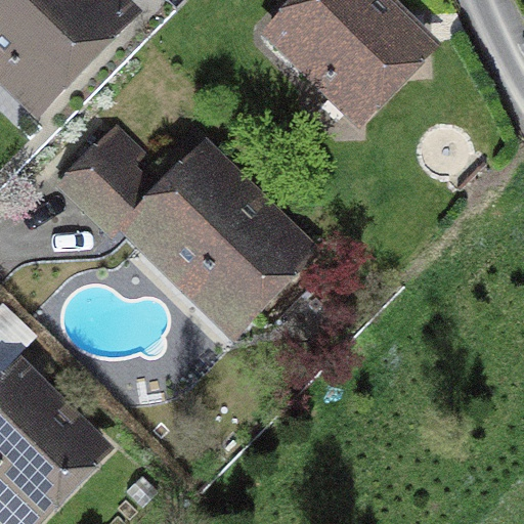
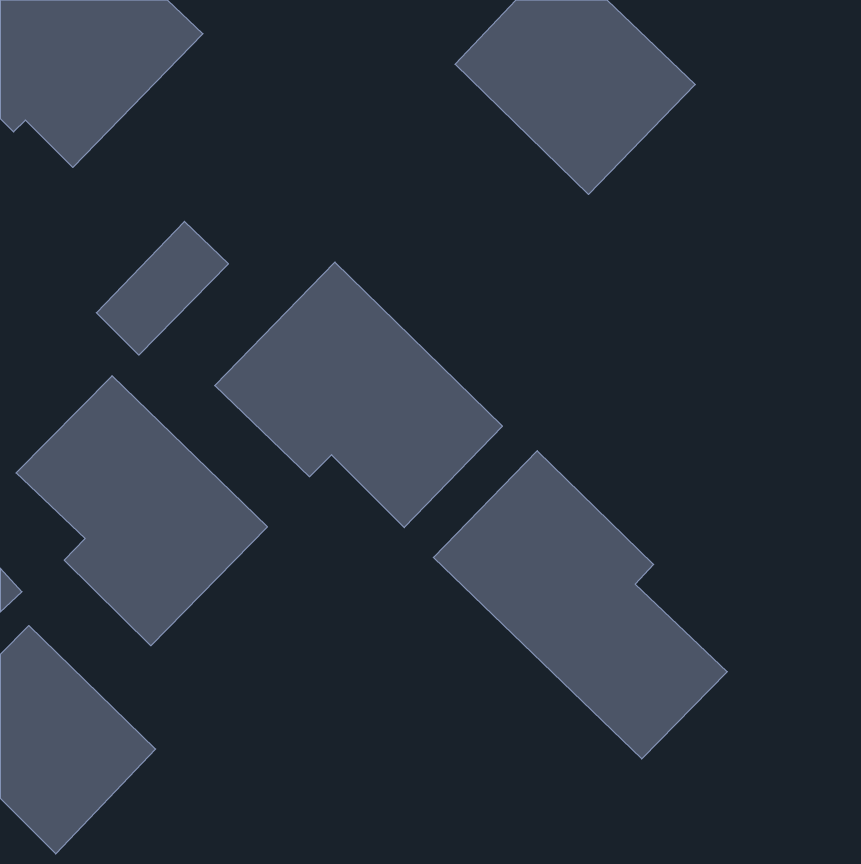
building: none -> [16,376,267,646]
building: none -> [433,451,727,759]

